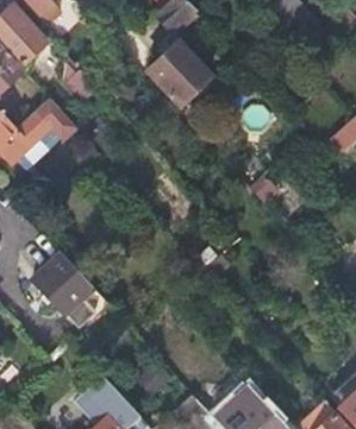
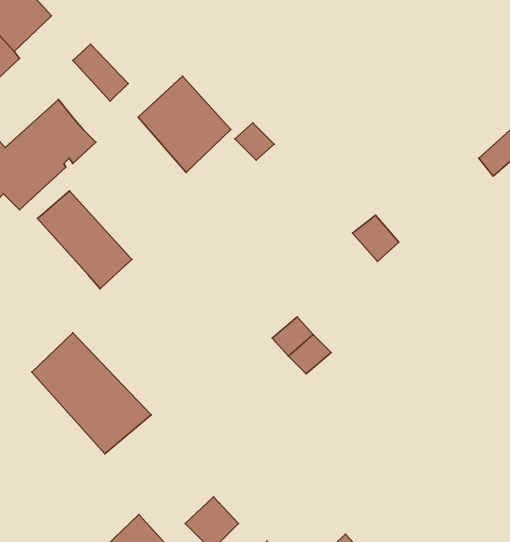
building: [146,42,208,106] -> [138,76,231,172]
building: none -> [38,191,132,289]

